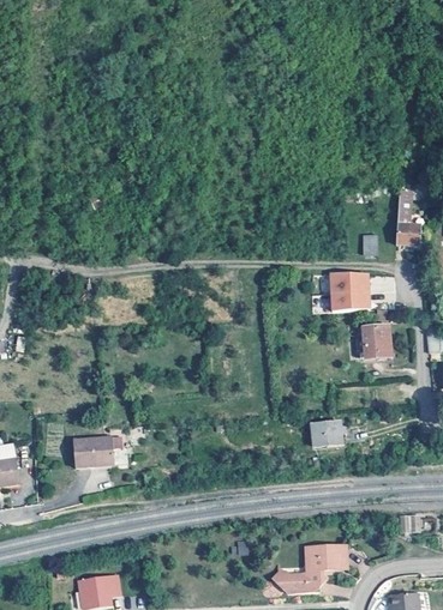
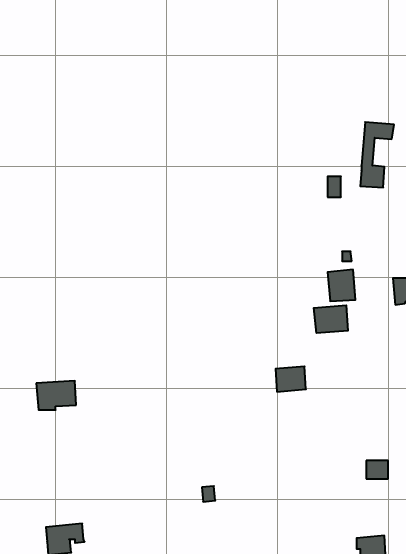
building: [328,273,369,312] -> none
building: none -> [314,305,348,333]
building: [274,545,347,592] -> none

